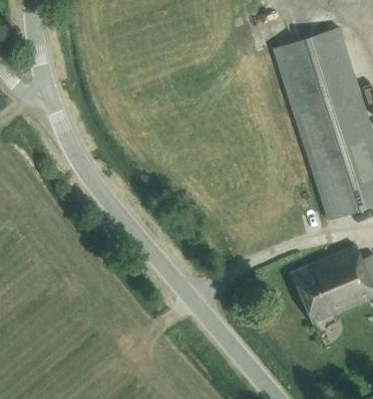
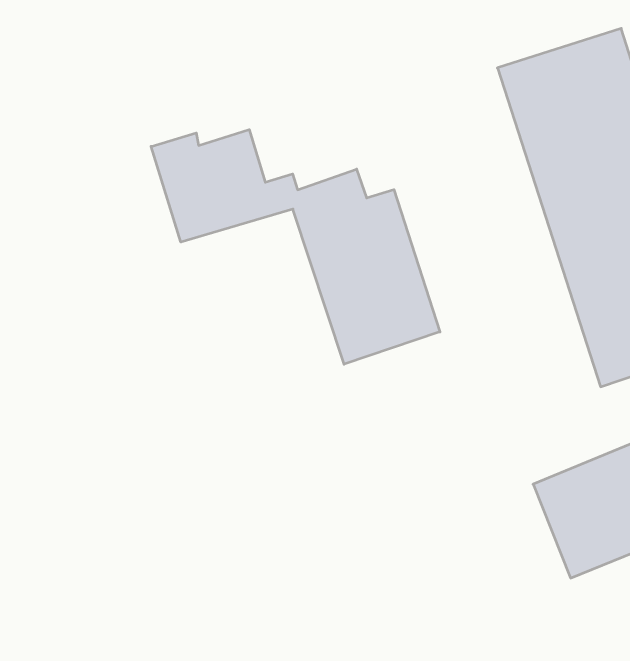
building: none -> [151,130,440,364]

